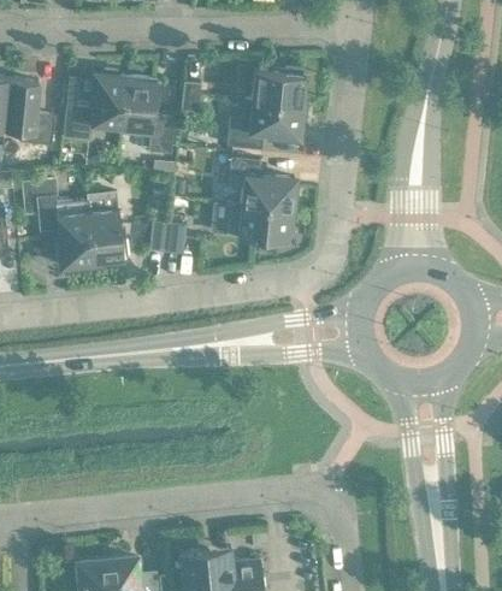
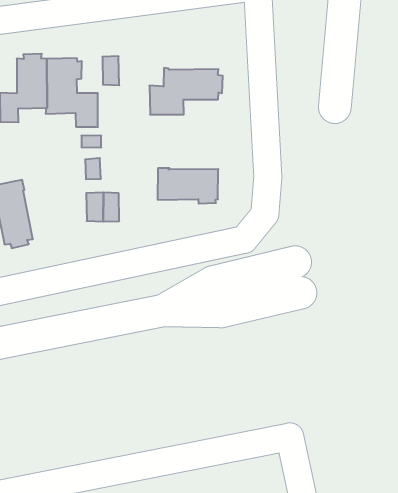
building: [250,70,305,107] -> none
building: [228,158,299,211] -> none
building: [87,209,128,264] -> none

